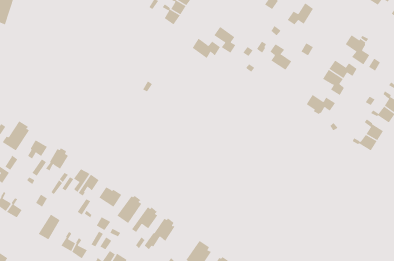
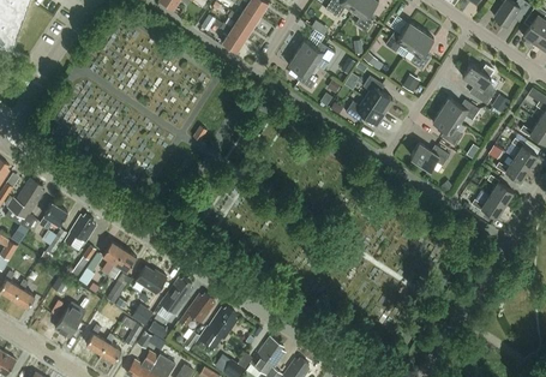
building: none -> [408,30,433,70]
building: [192,38,221,59] -> [296,40,335,67]
building: none -> [346,98,384,125]

